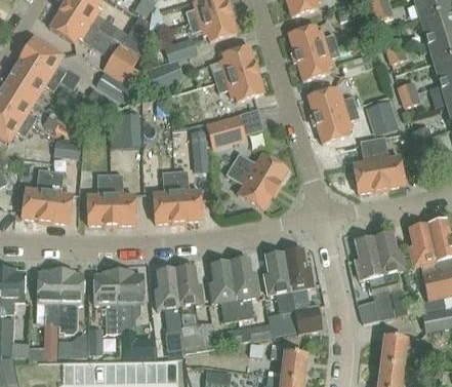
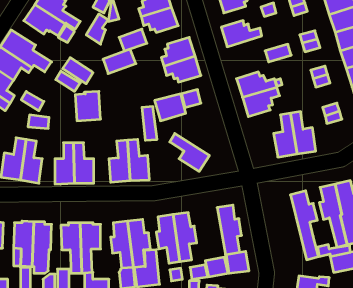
building: [102,43,140,87] -> none
building: [295,44,340,80] -> none
building: [366,100,399,136] -> none
building: [232,153,287,190] -> none
building: [354,238,392,320] -> none
building: [263,254,293,313] -> none

